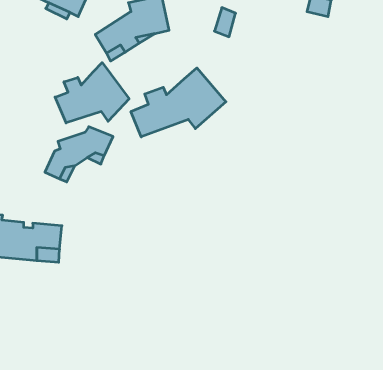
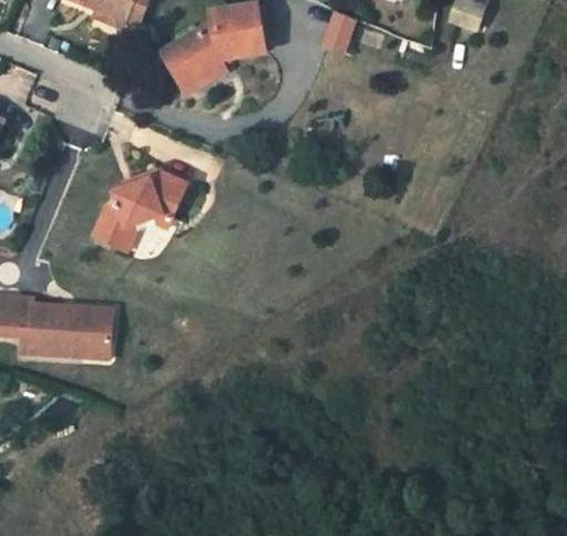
building: [55,63,129,123] -> none
building: [131,68,226,137] -> none

